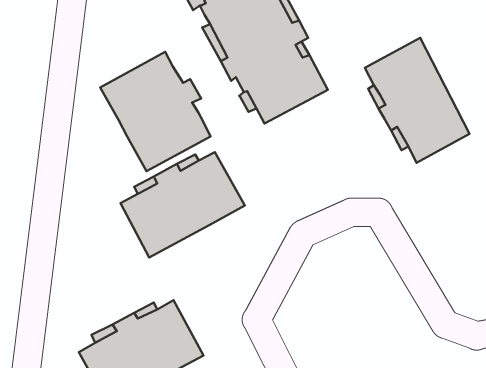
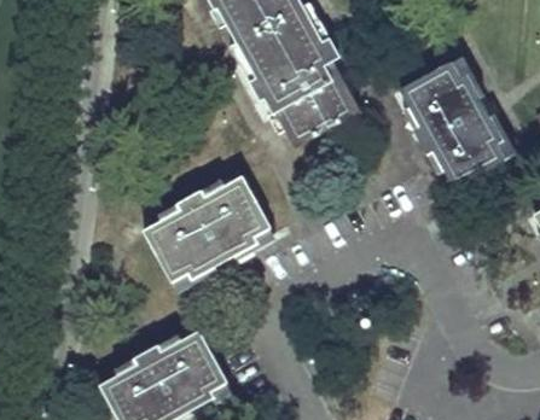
building: [100,52,211,171] -> none

